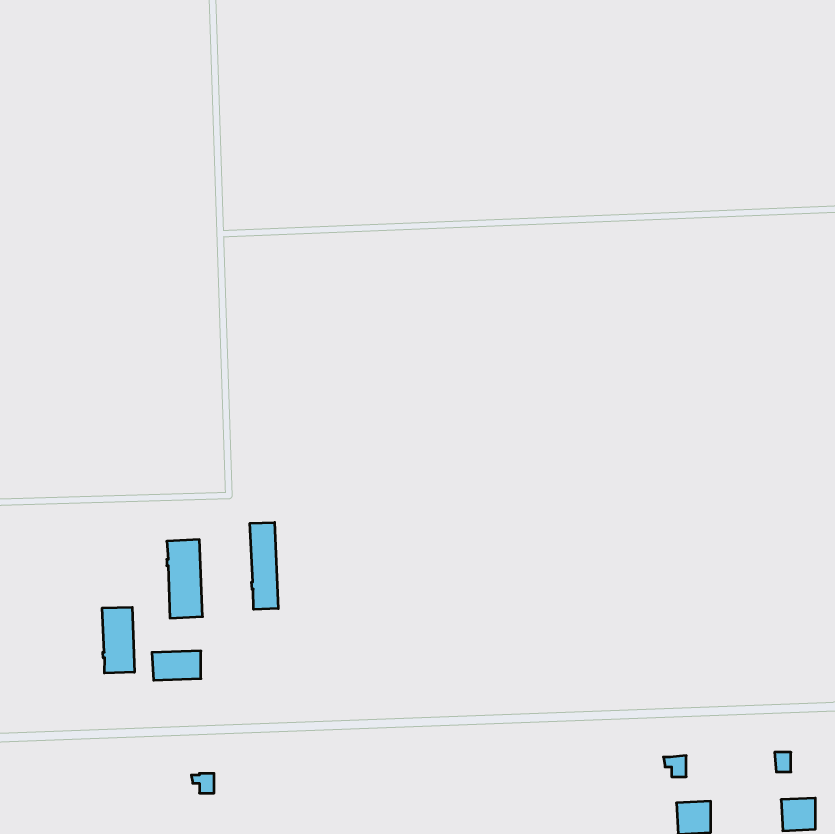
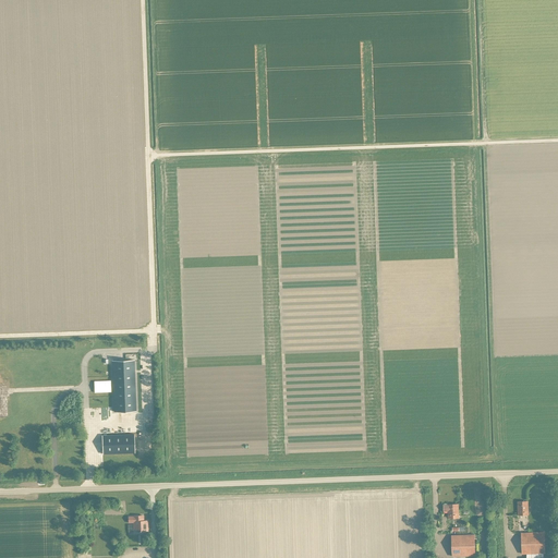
building: [250,522,278,609] -> none
building: [102,607,134,673] -> none

